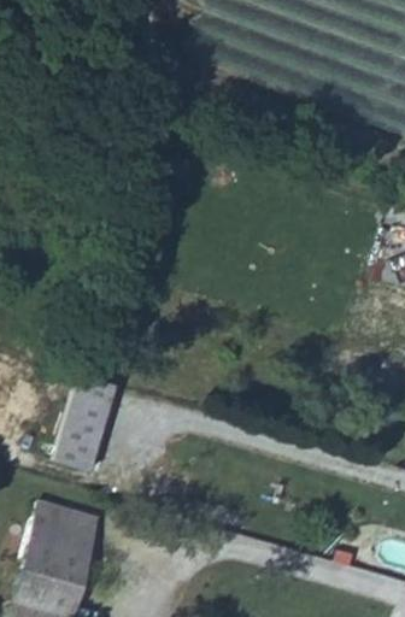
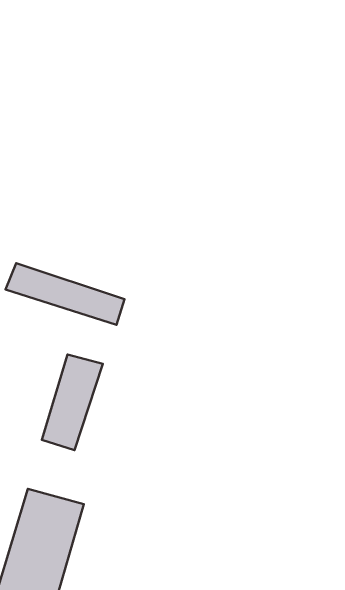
building: none -> [5,263,125,325]

